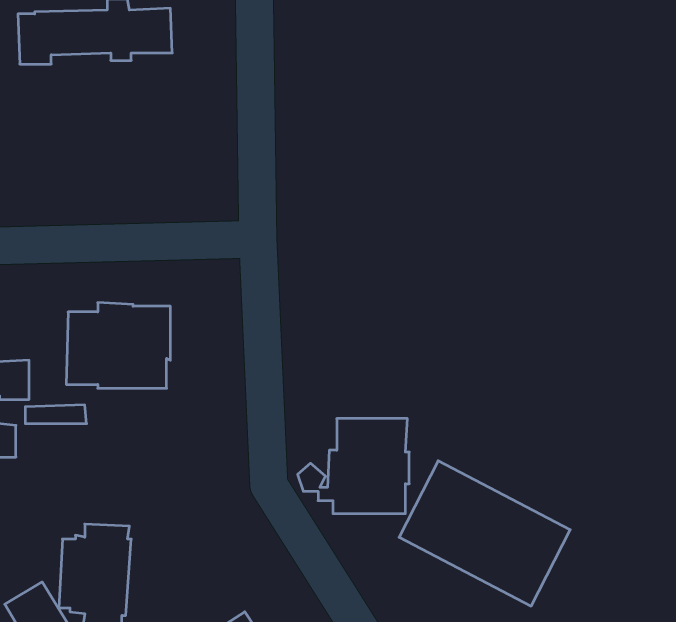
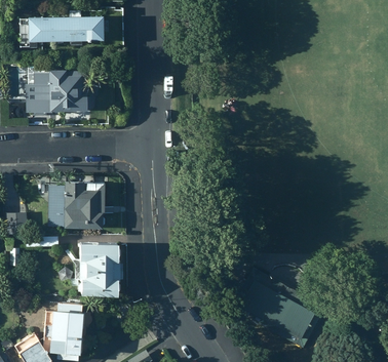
building: none -> [26,72,87,118]
building: [298,419,409,514] -> [56,244,118,296]

